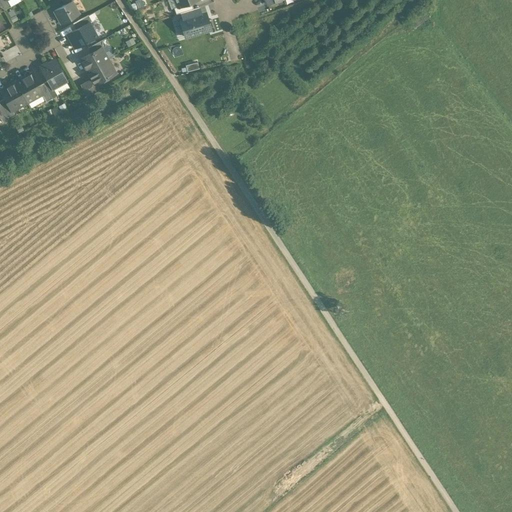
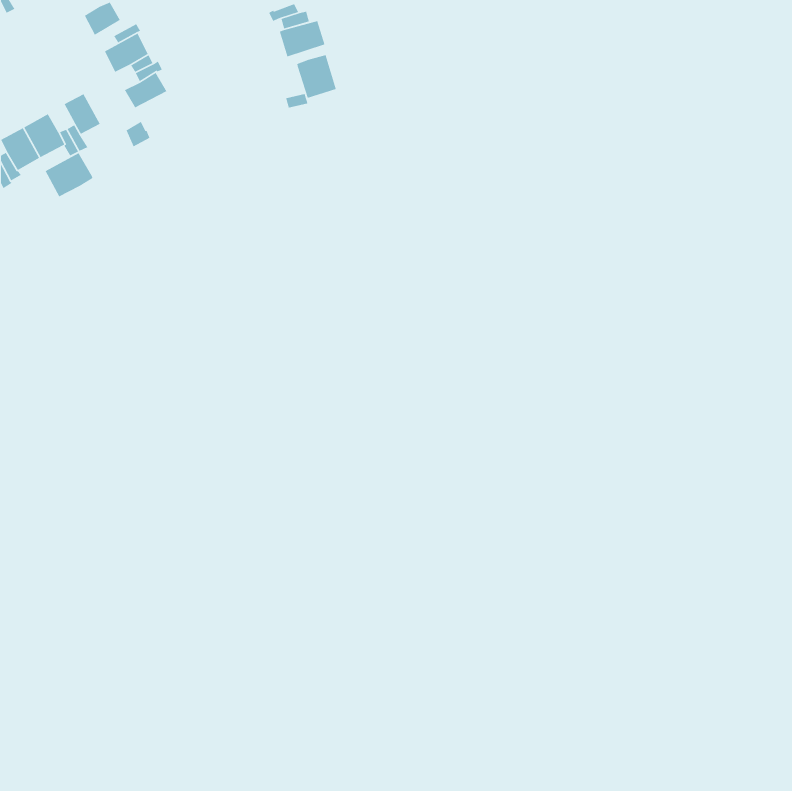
building: none -> [296,54,337,99]
building: [87,59,115,84] -> none
building: none -> [45,152,93,197]

